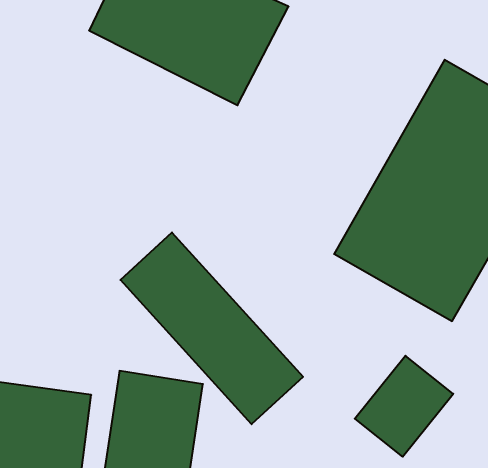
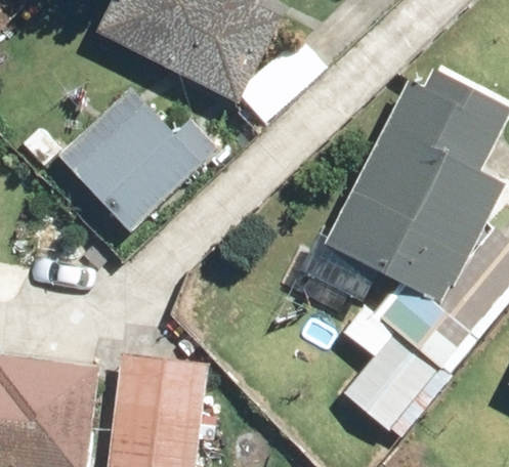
building: none -> [60,80,208,227]
building: [120,232,303,424] -> none

